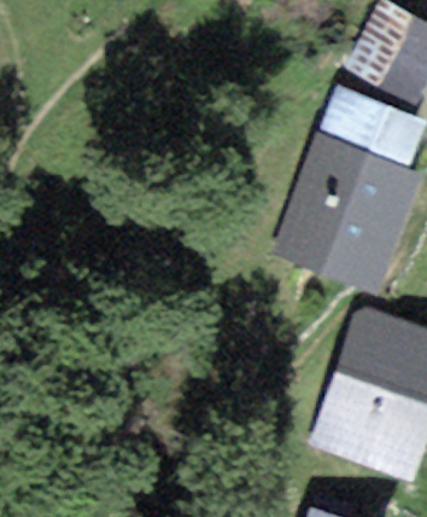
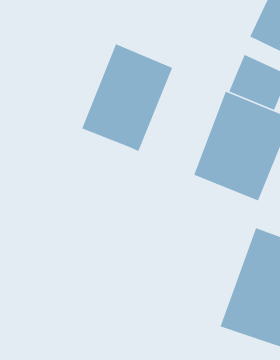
building: none -> [81,43,173,152]

